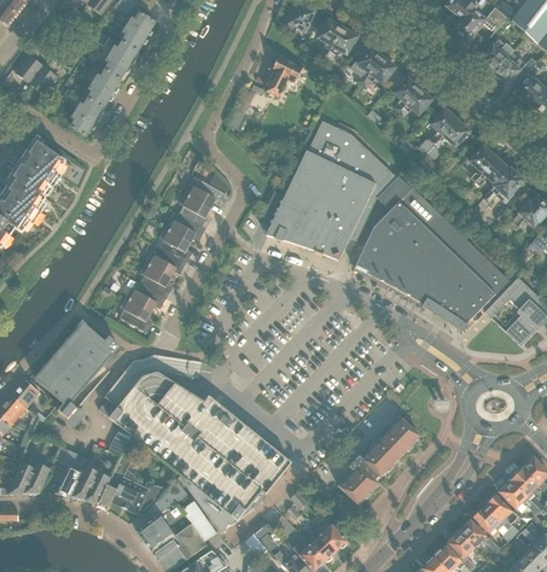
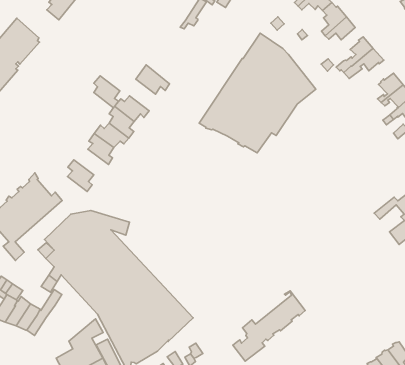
building: [354,175,507,328] -> none
building: [179,193,210,228] -> [94,76,120,108]
building: [126,282,167,311] -> none
building: [111,469,164,513] -> none

